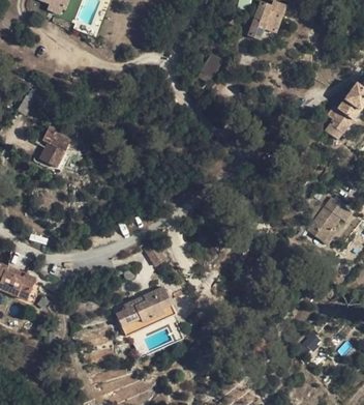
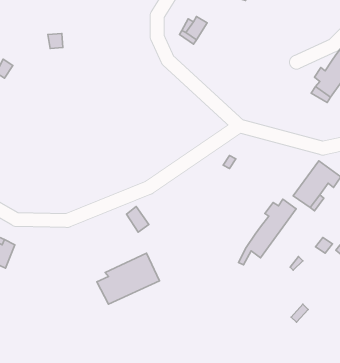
building: [39,124,72,168] -> none
building: none -> [238,199,296,265]

